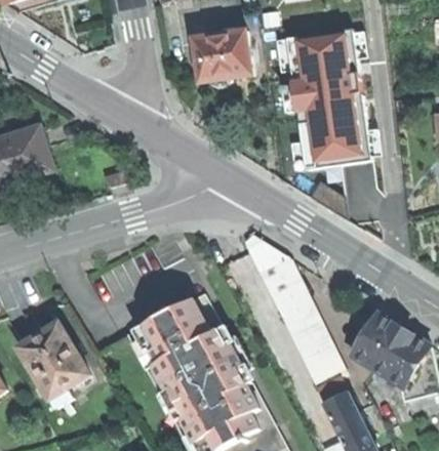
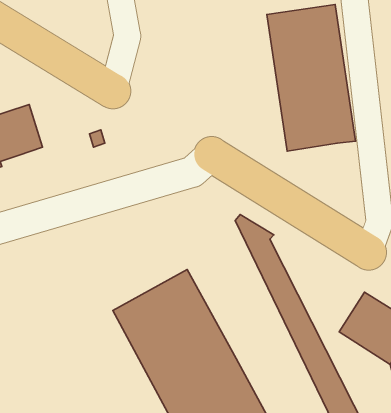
building: [192,30,251,87] -> none
building: [16,322,88,407] -> none

